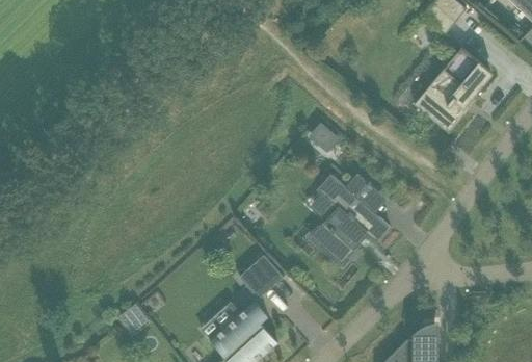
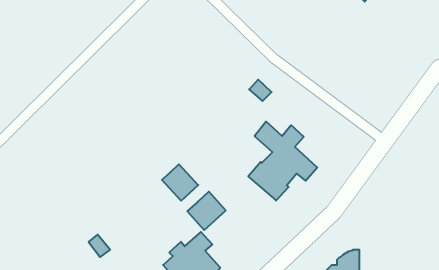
building: [415,47,491,132] -> none
building: none -> [162,164,198,201]

